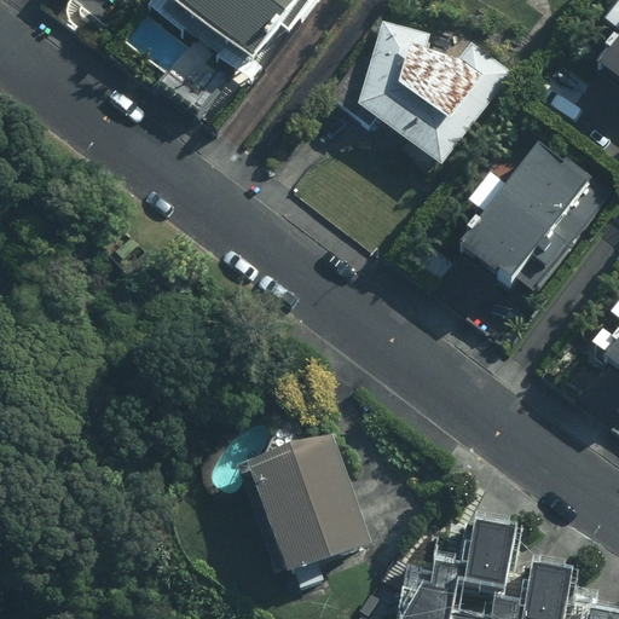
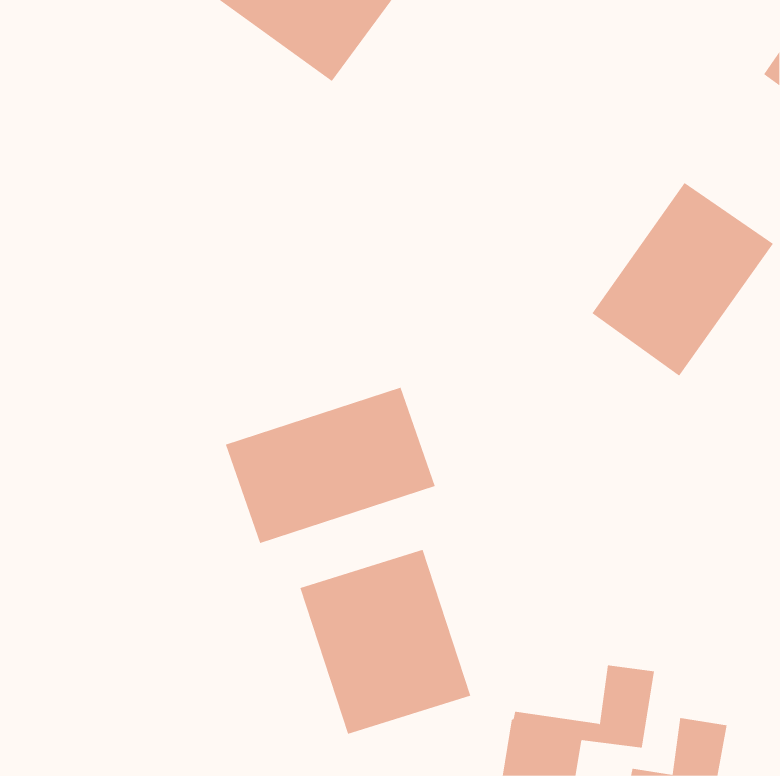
building: [355,17,509,166] -> none
building: none -> [225,387,435,544]

